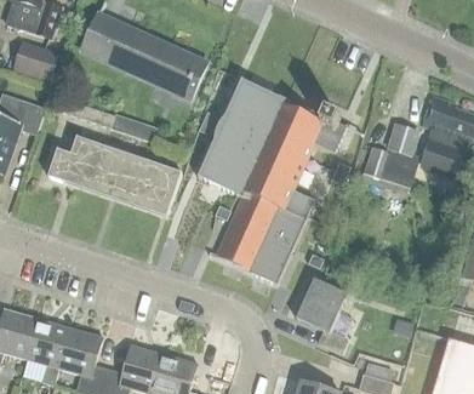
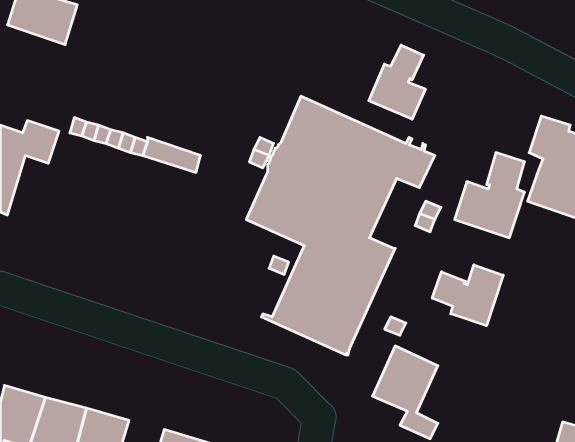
building: [85,13,206,97] -> none
building: none -> [369,45,425,119]
building: [13,41,58,80] -> none
building: [50,135,182,213] -> none
building: none -> [432,265,503,326]

